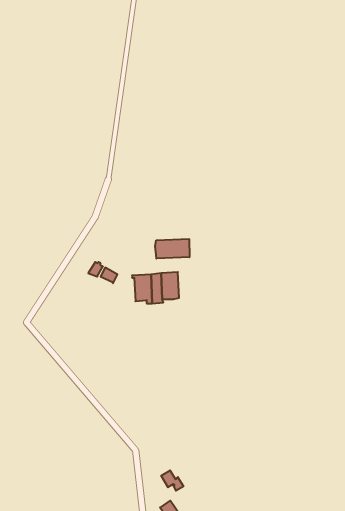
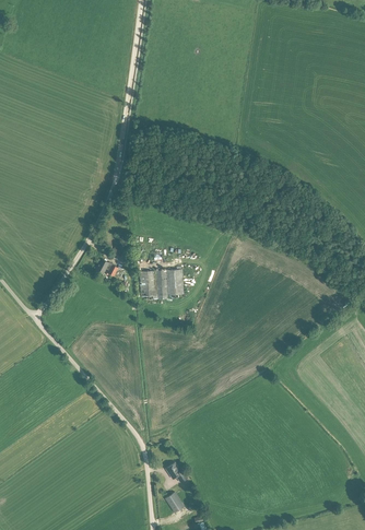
building: [155,239,189,259] -> none

